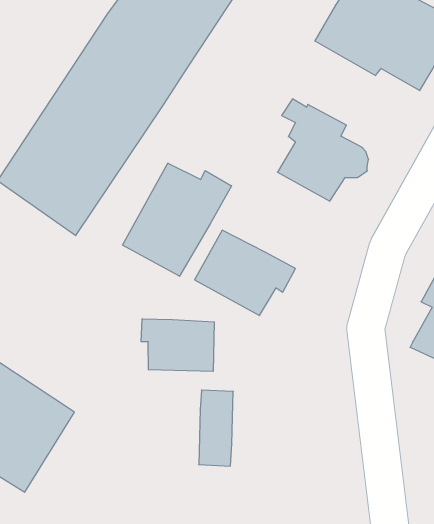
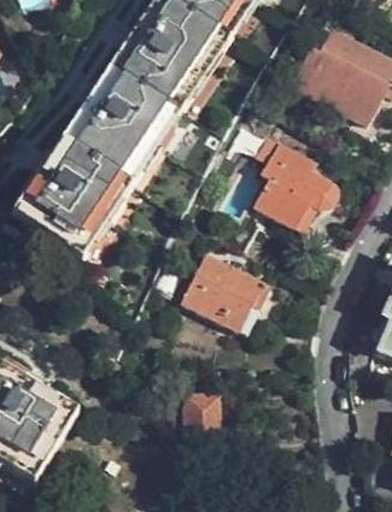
building: [123,163,232,276] -> none
building: [141,319,214,371] -> none

